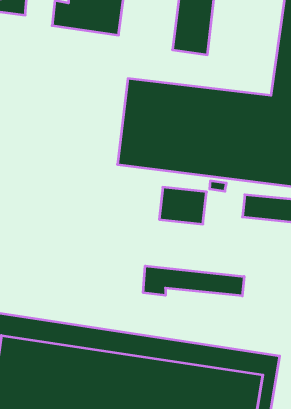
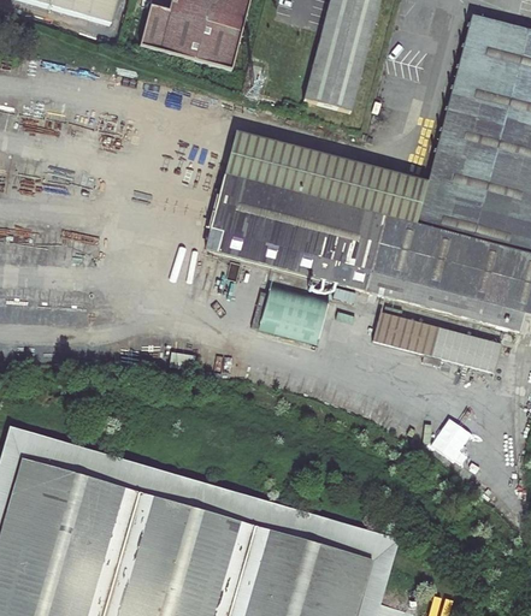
building: [143,266,244,296] -> none

